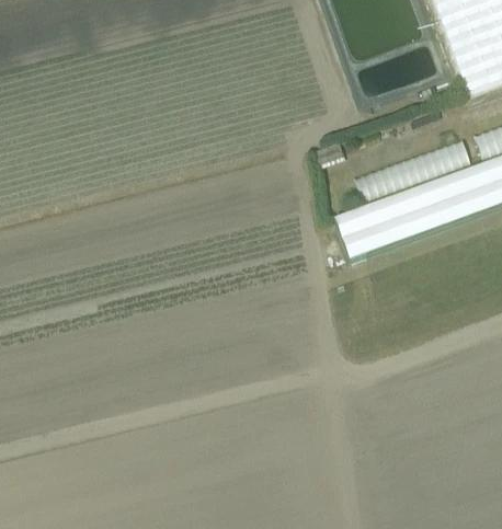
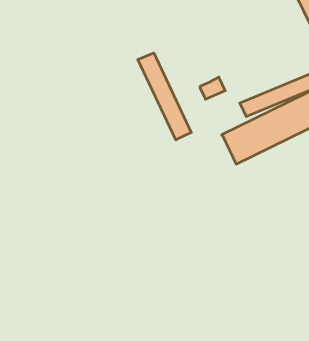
building: none -> [138,53,191,140]

